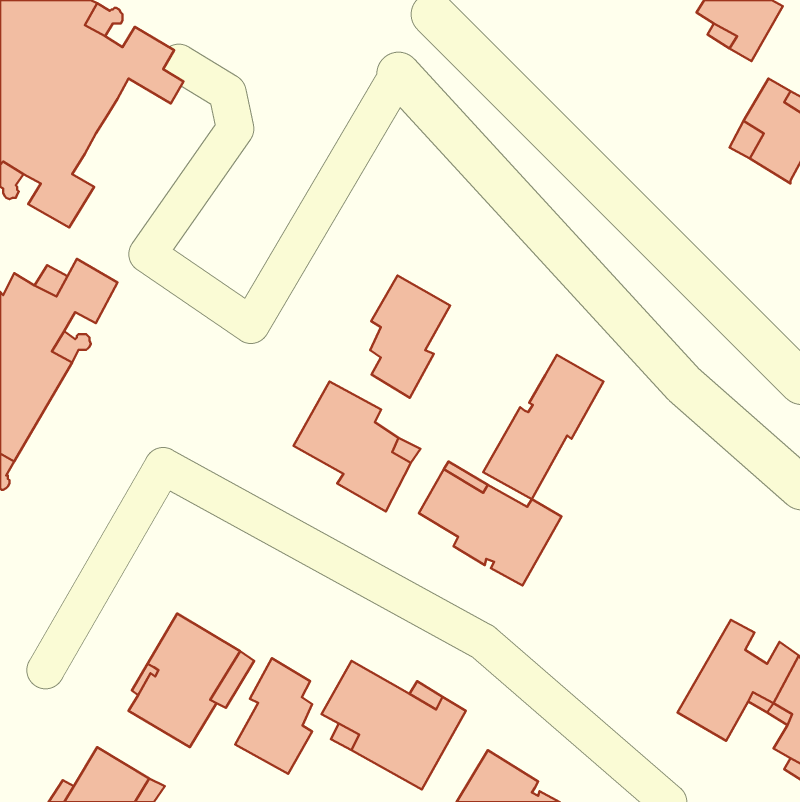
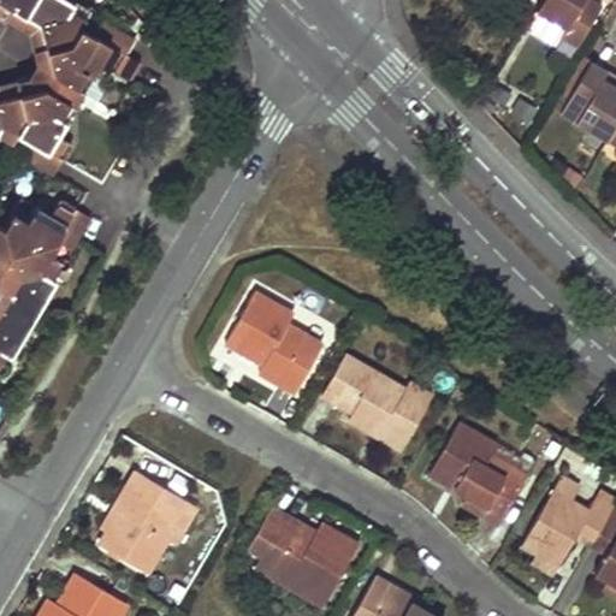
building: [370,276,450,398] -> none
building: [483,355,603,499] -> none
building: none -> [430,424,526,523]
building: [235,658,312,774] -> none

